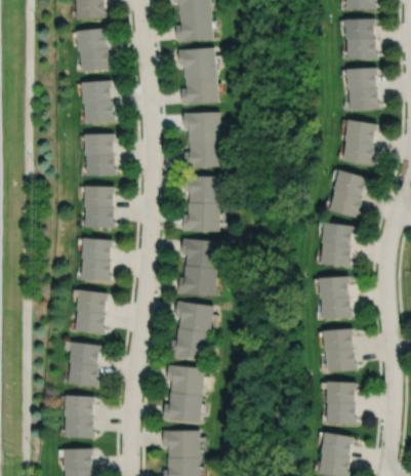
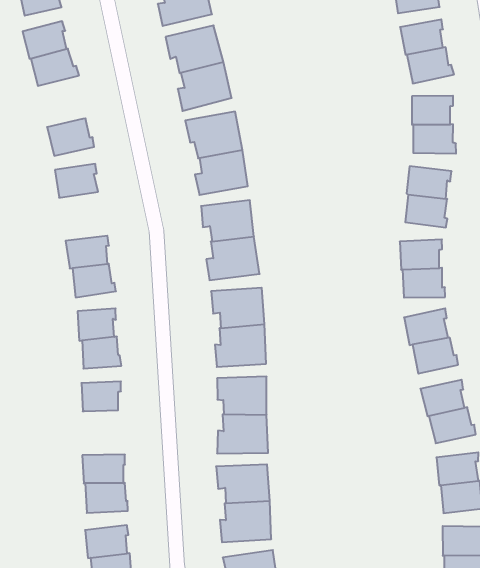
building: [80,79,111,102] -> none
building: [84,154,115,175] -> none
building: [76,311,105,334] -> none

